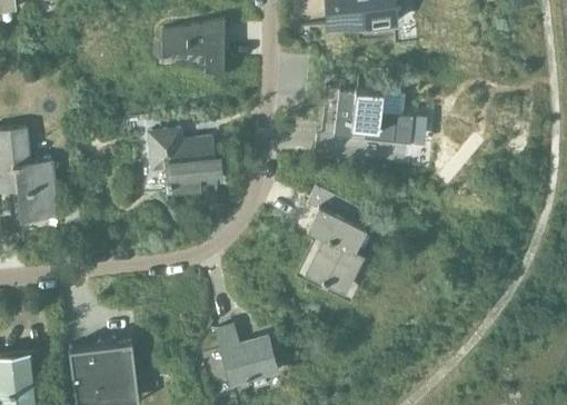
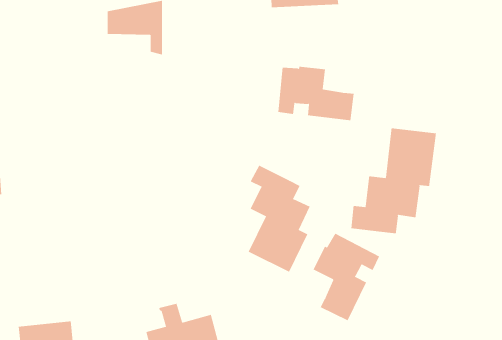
building: [146,128,217,196] -> none
building: none -> [351,128,436,234]
building: none -> [313,233,380,321]

